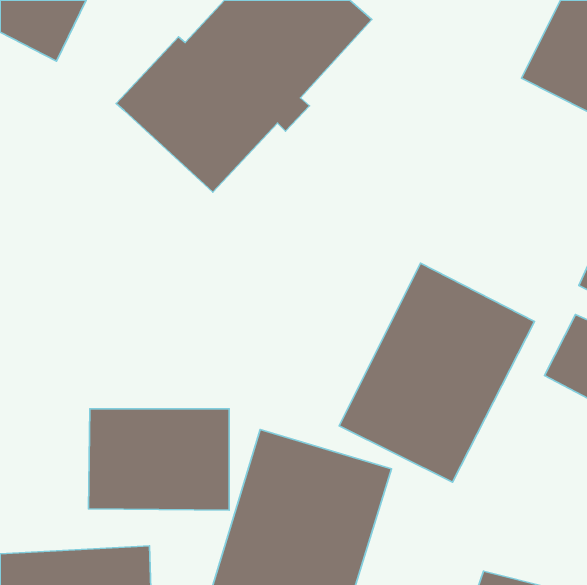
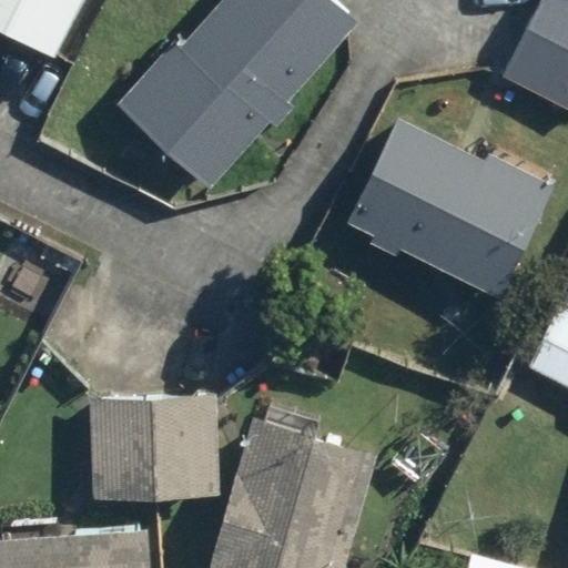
building: none -> [346,116,555,296]
building: [339,263,534,482] -> none

